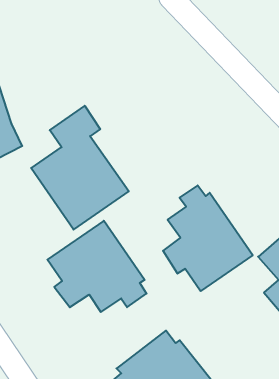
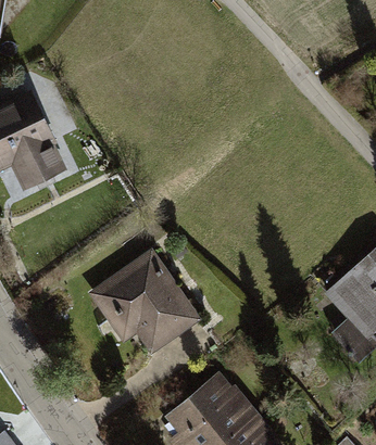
building: [31,106,129,230] -> none
building: [163,185,253,291] -> none

